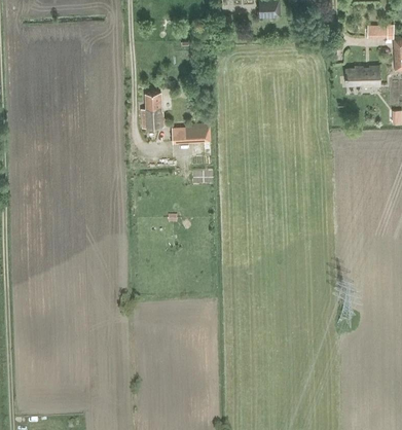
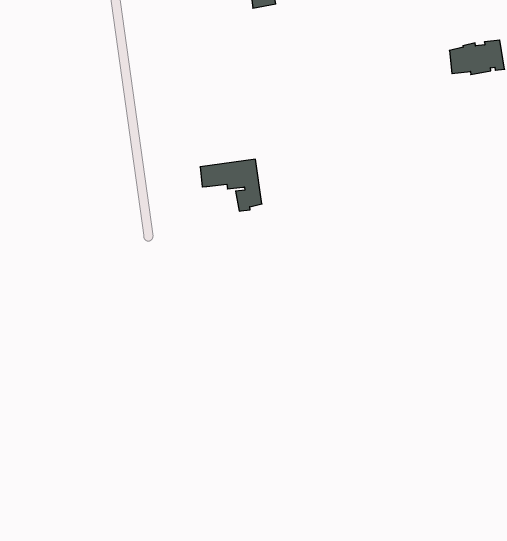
building: [141,92,163,128] -> none

